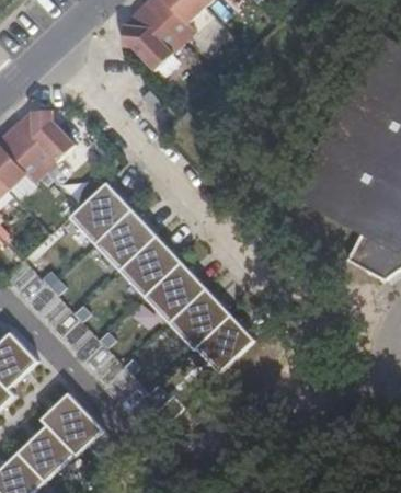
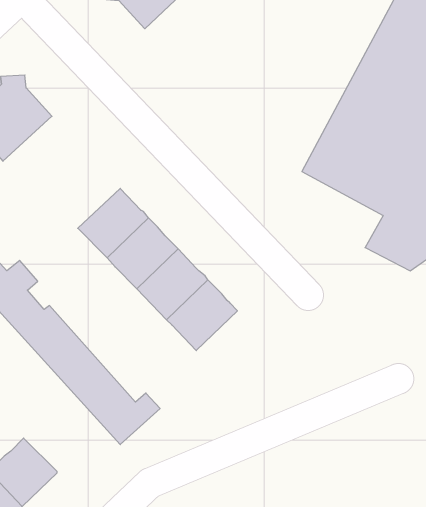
building: [72,183,133,242] -> none
building: [197,312,255,370] -> none
building: [46,392,105,451] -> none

